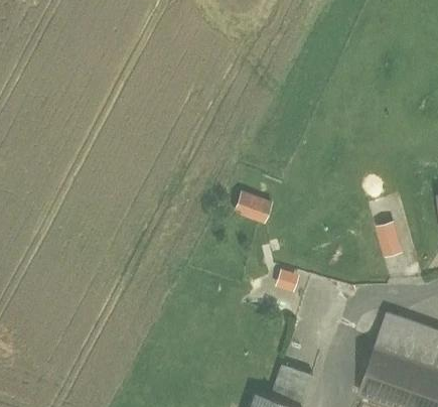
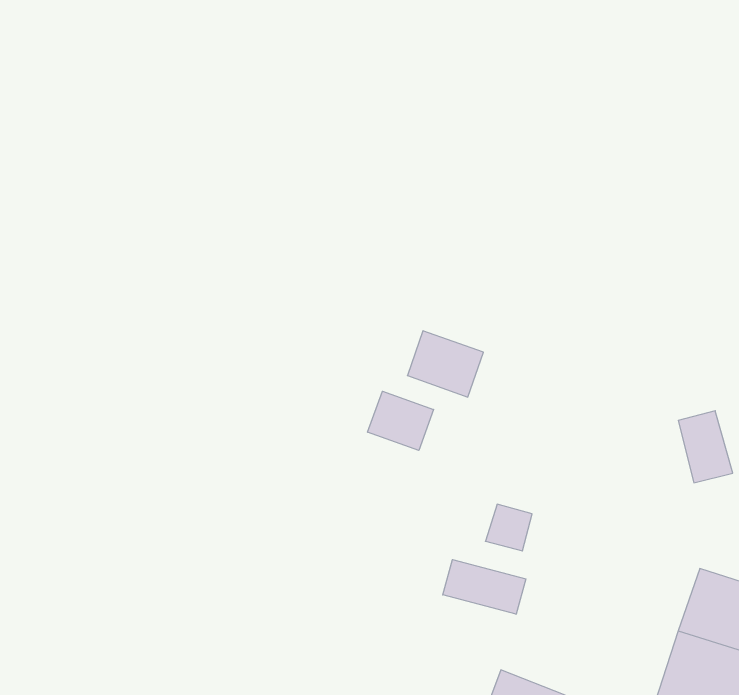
building: none -> [368,391,434,450]
building: none -> [443,560,526,614]

